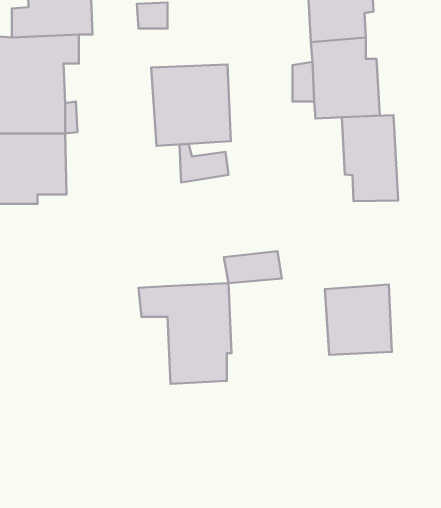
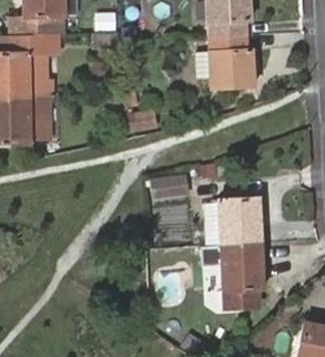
building: [151,65,231,146] -> none
building: [342,115,398,201] -> none
building: [138,283,232,384] -> [203,242,264,308]

